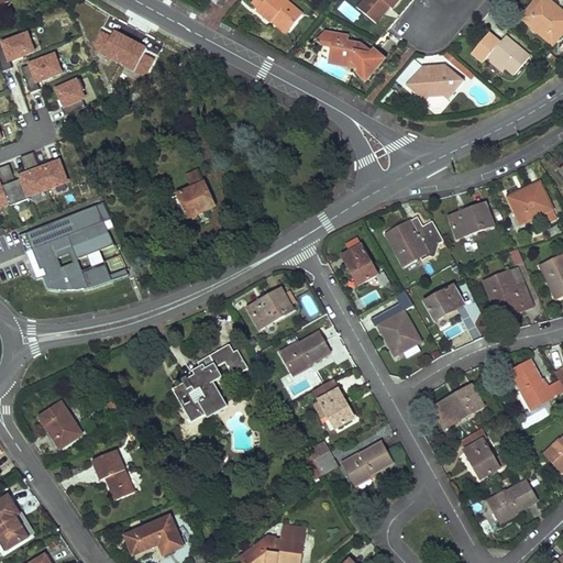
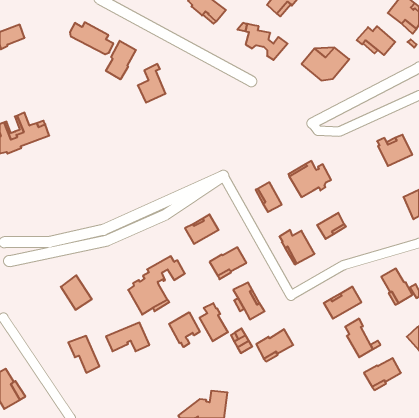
building: [21,54,60,91] -> none
building: none -> [106,41,136,79]
building: [56,78,85,115] -> none
building: [177,165,214,217] -> [138,64,166,103]
building: [449,201,493,238] -> none
building: [25,205,126,289] -> none
building: [484,267,532,318] -> none
building: [40,401,81,448] -> [61,275,92,310]
building: none -> [200,303,228,341]
building: none -> [169,312,200,347]
building: [124,516,183,554] -> [106,323,149,351]

